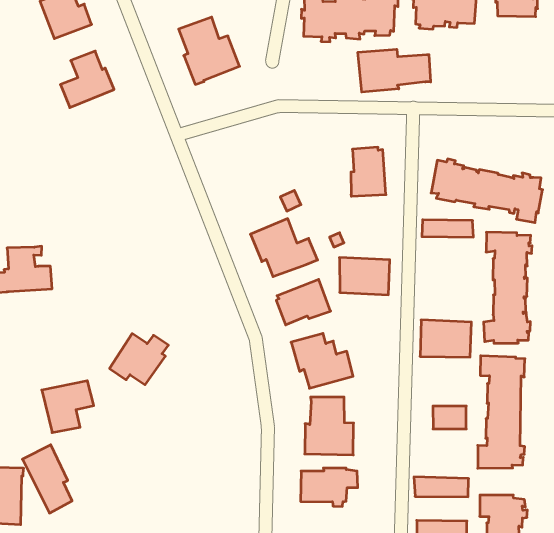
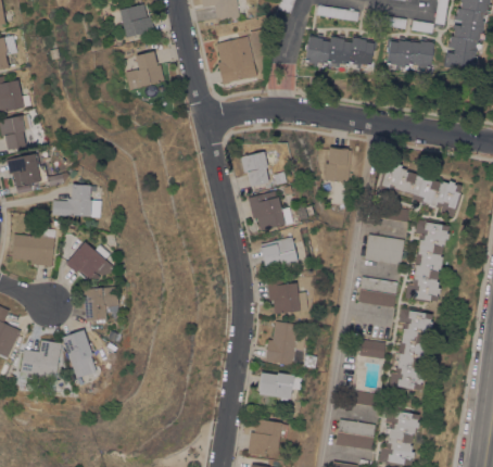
building: [358,49,431,92] -> none
building: none -> [240,151,268,186]
building: [339,258,390,295] -> [365,234,404,265]
building: [110,334,168,385] -> [65,241,110,279]

